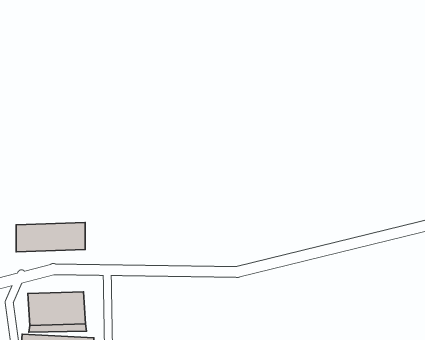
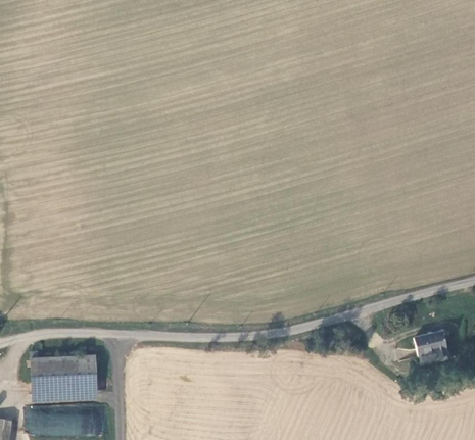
building: [16,222,85,252] -> none
building: none -> [416,335,449,361]

